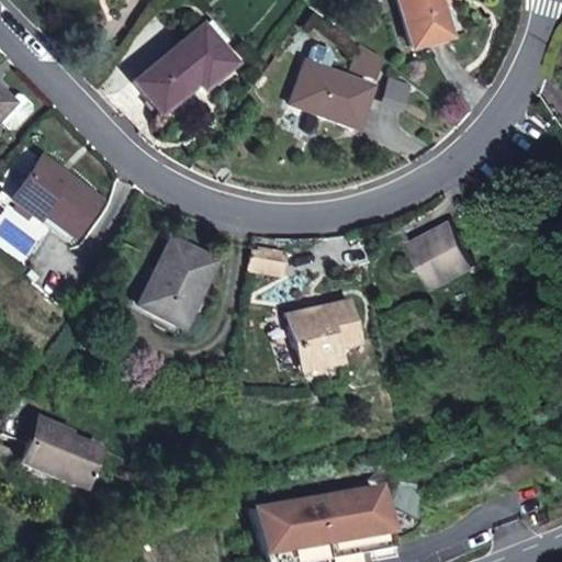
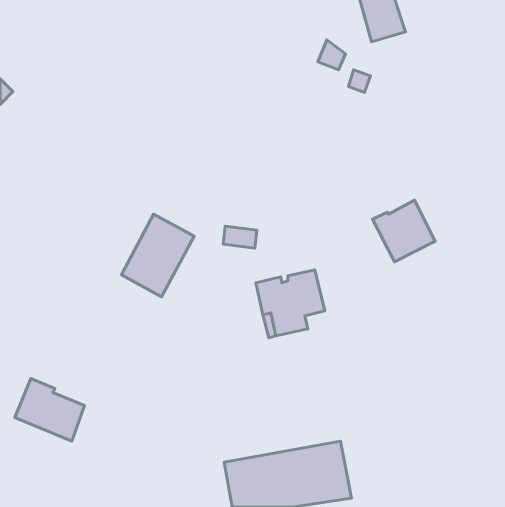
building: [135,18,238,113] -> none
building: [292,44,375,127] -> none
building: [12,155,102,236] -> none

